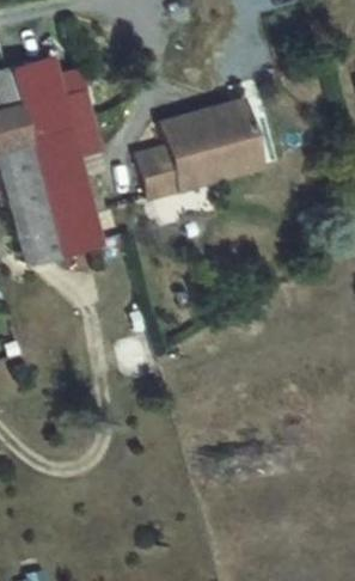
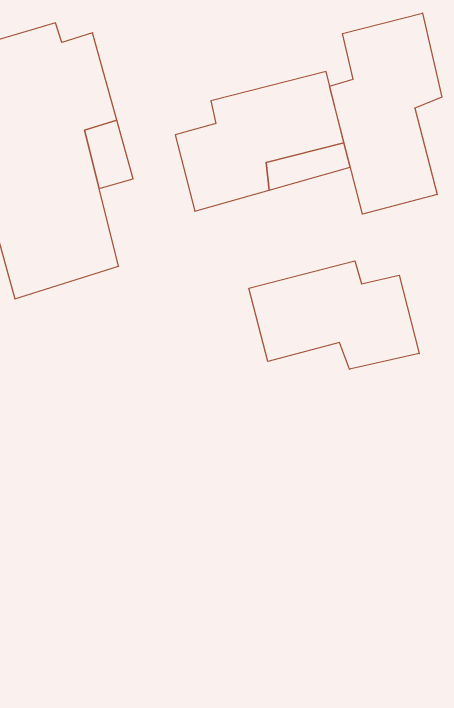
building: none -> [330,13,442,214]
building: none -> [249,261,419,369]

